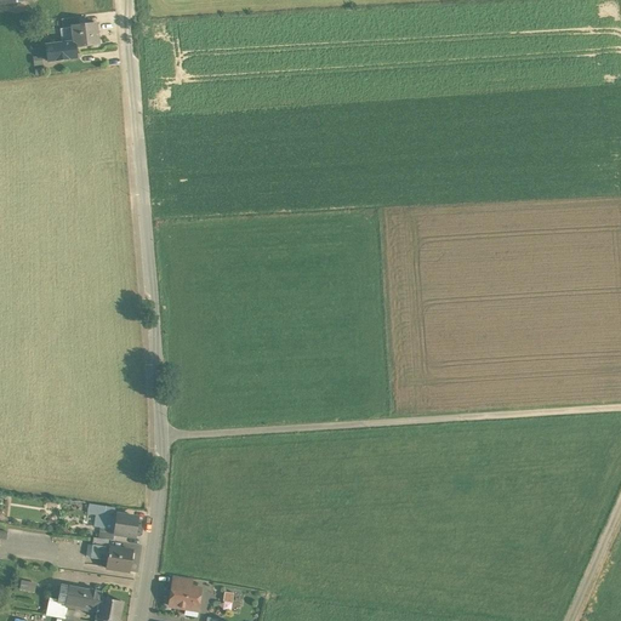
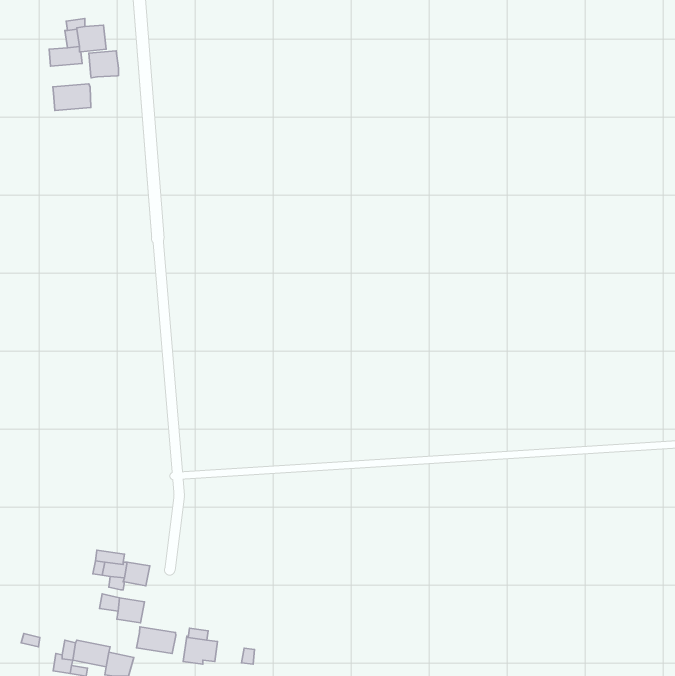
building: none -> [89,51,119,78]
building: none -> [53,84,91,111]
building: none -> [137,627,176,653]

